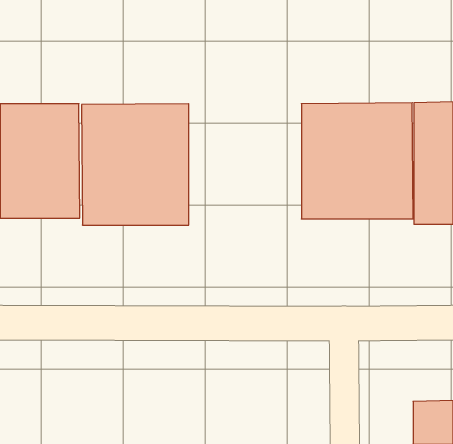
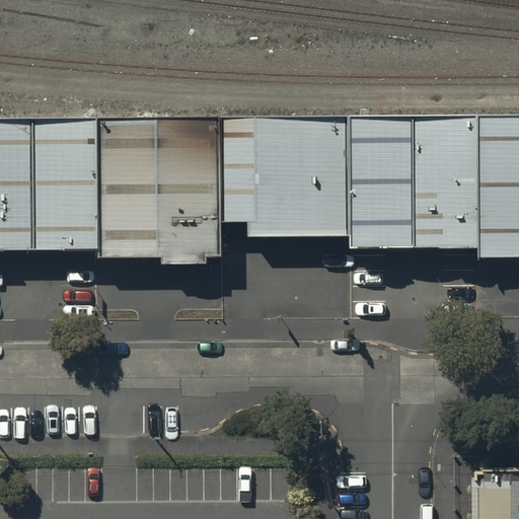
building: none -> [220,119,343,236]

